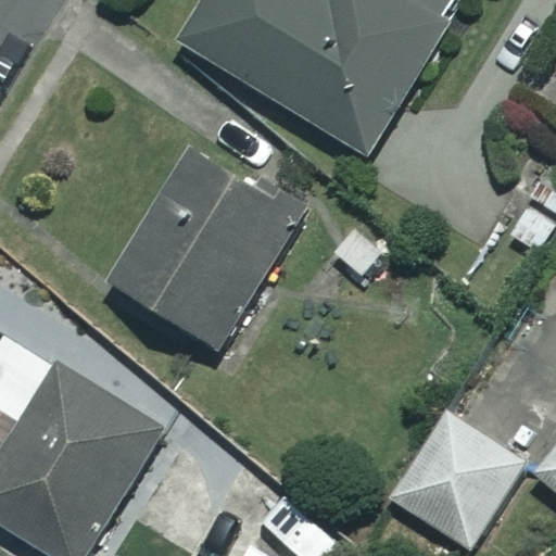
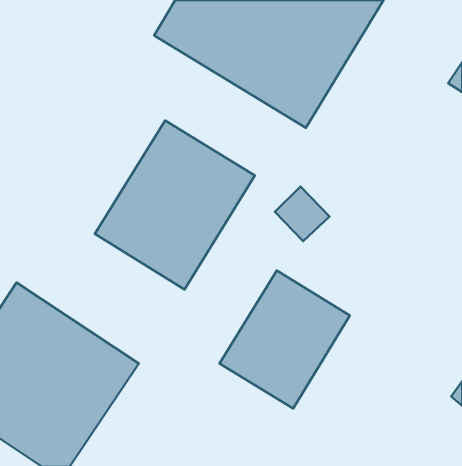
building: none -> [220,270,350,408]
building: [390,412,523,548] -> none

